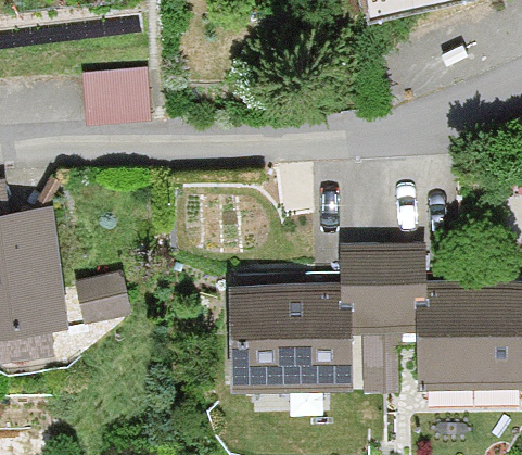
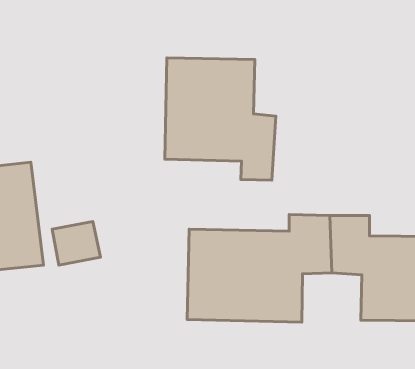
building: [76,68,147,124] -> none
building: none -> [165,58,276,180]

